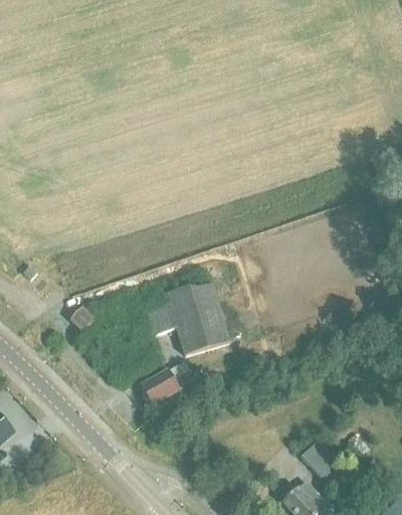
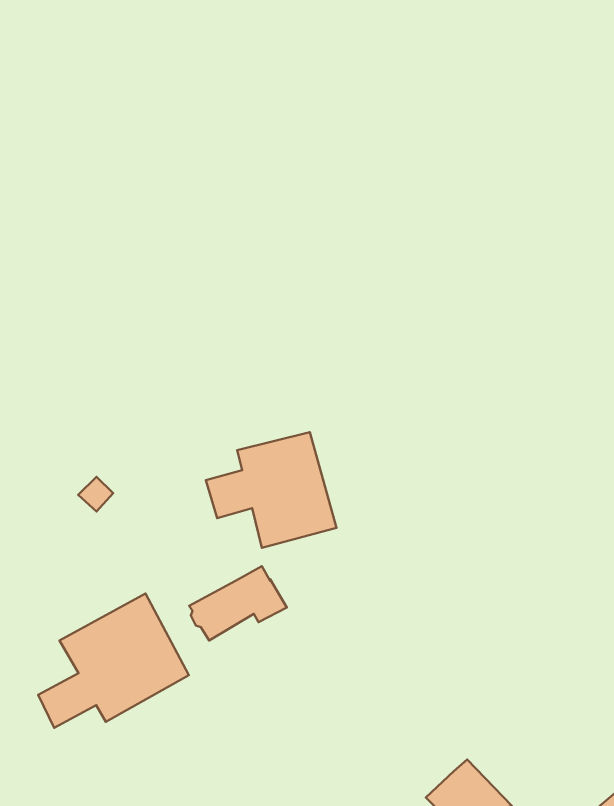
building: none -> [38,594,189,728]
building: [303,441,340,478] -> none

